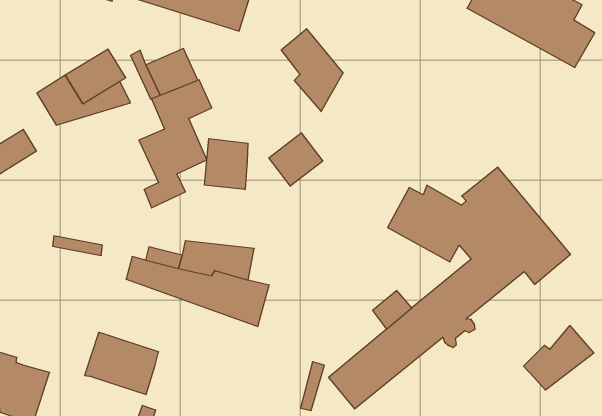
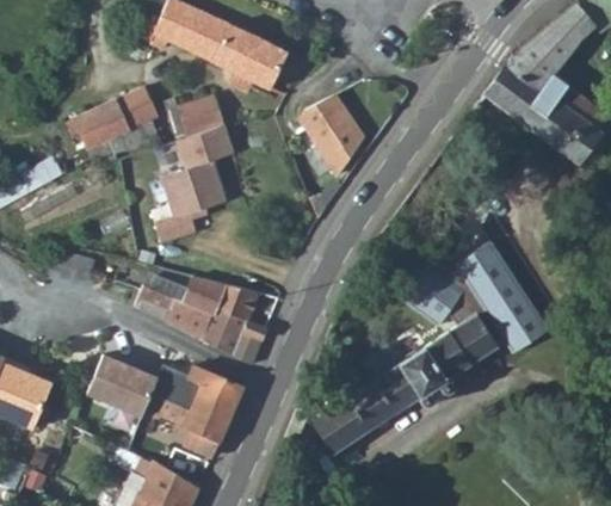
building: [269,133,323,186] -> none
building: [205,139,248,190] -> none
building: [524,326,594,390] -> none
building: none -> [150,362,241,439]

